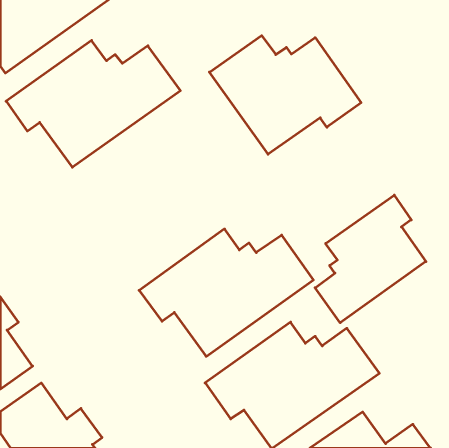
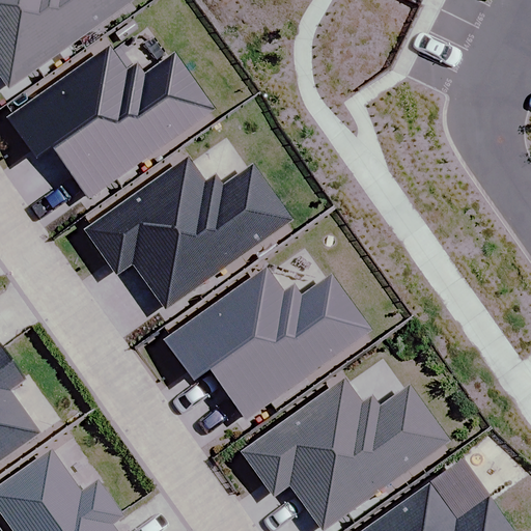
building: [209,36,361,154] -> none
building: none -> [85,159,290,309]
building: [315,195,426,323] -> none

